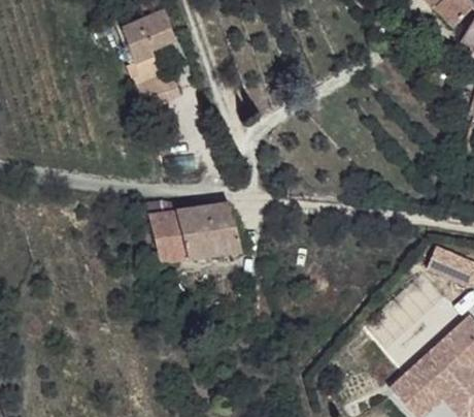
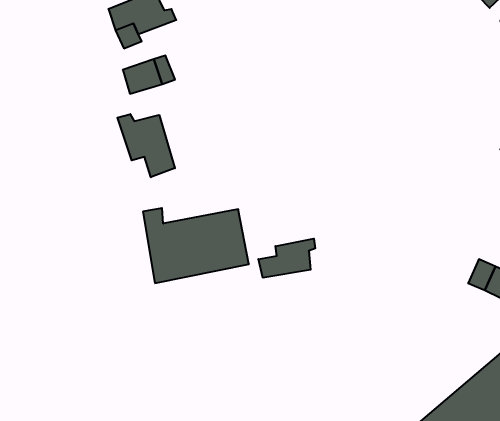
building: none -> [117,114,175,177]
building: none -> [258,239,315,278]

